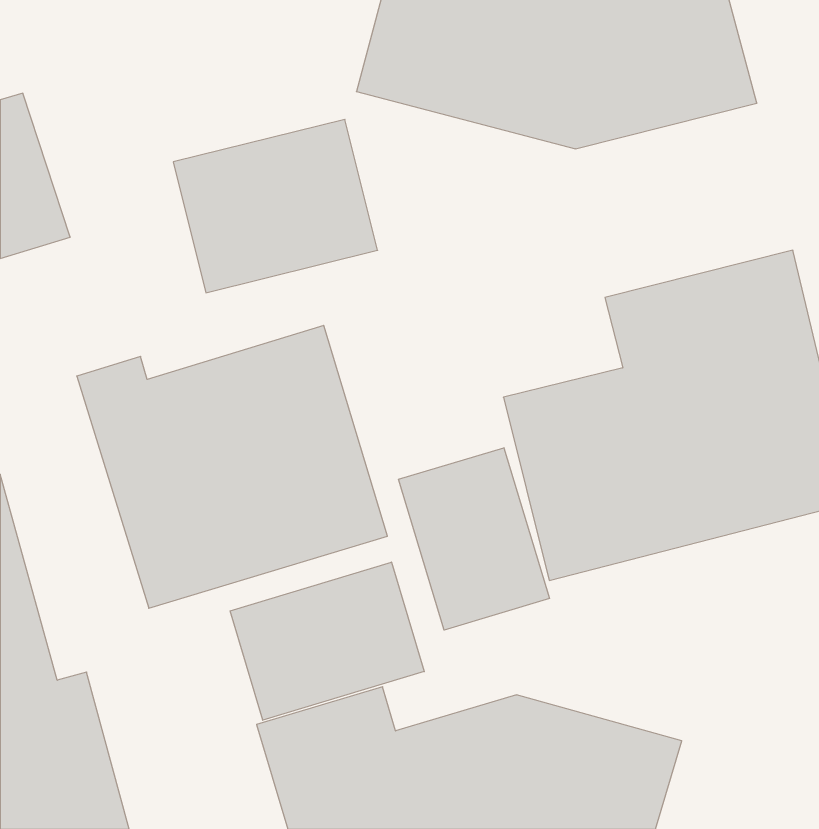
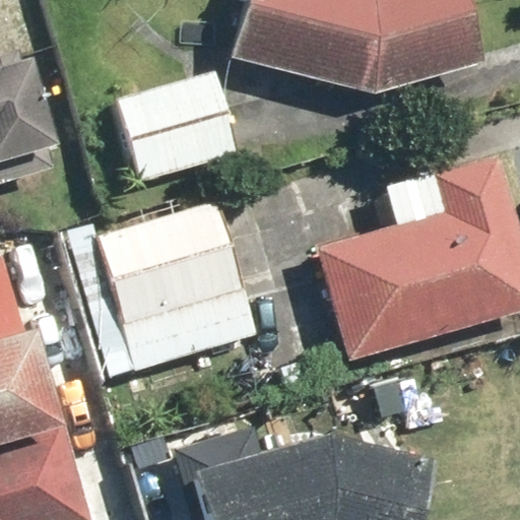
building: [399,448,550,630] -> none
building: [230,562,424,720] -> none

